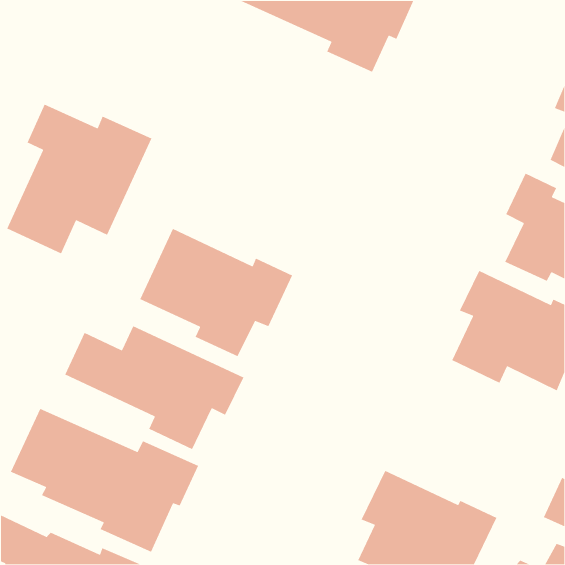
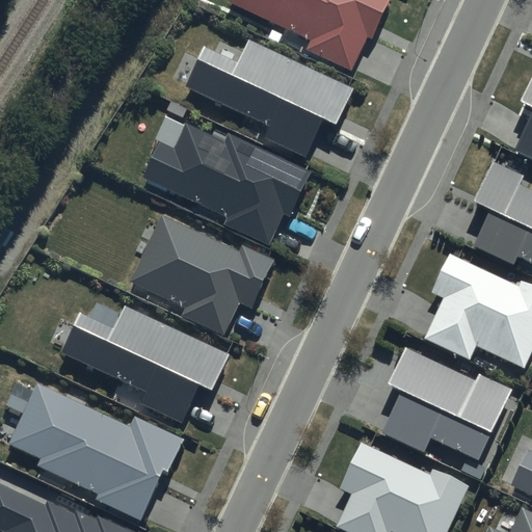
building: none -> [185,39,355,158]
building: [6,104,153,254] -> none
building: none -> [142,123,313,244]
building: none -> [382,346,511,458]

